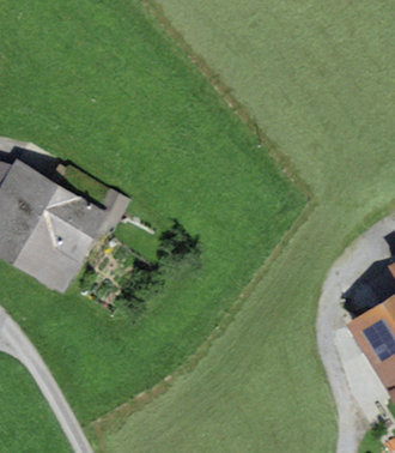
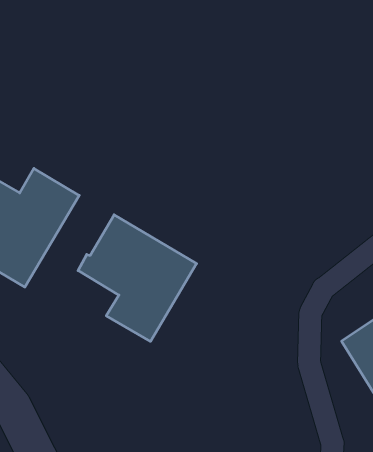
building: none -> [78,215,197,341]

